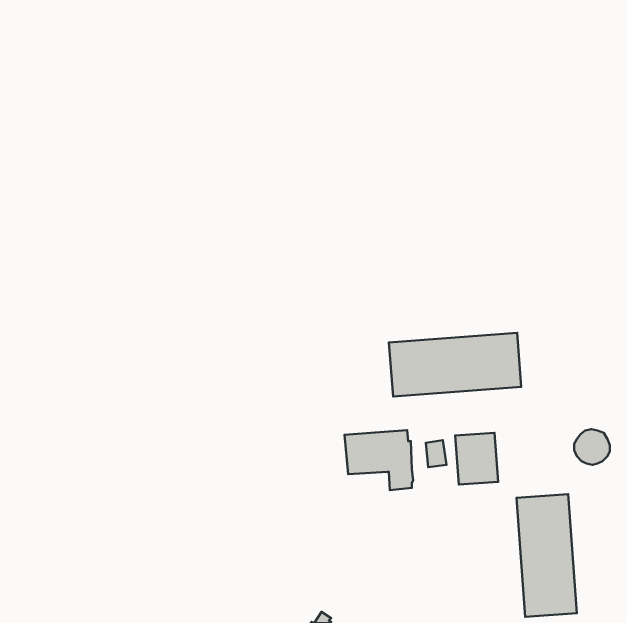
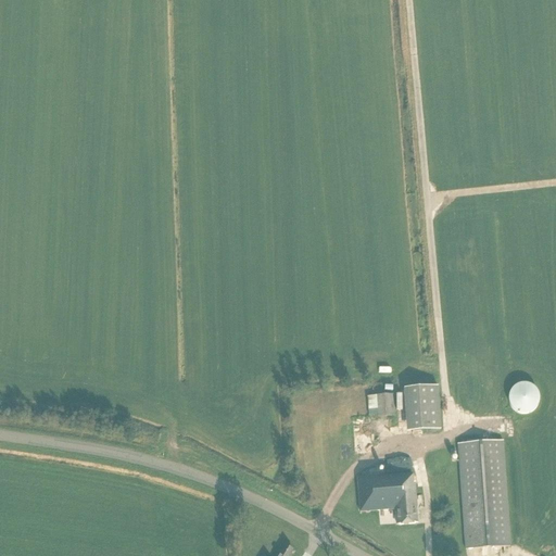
building: [389,333,521,396] -> none
building: [345,430,413,490] -> [356,469,417,522]

